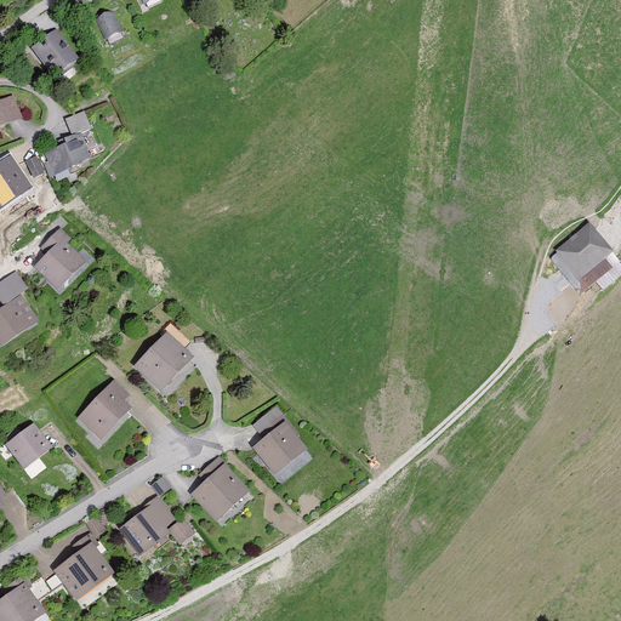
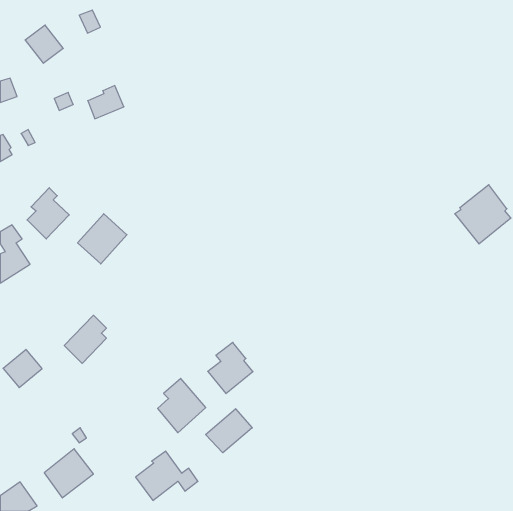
building: [45,133,89,173] -> [88,86,124,119]
building: [133,332,193,393] -> [78,214,127,264]
building: none -> [206,409,252,453]
building: [120,496,195,556] -> [136,451,198,500]

